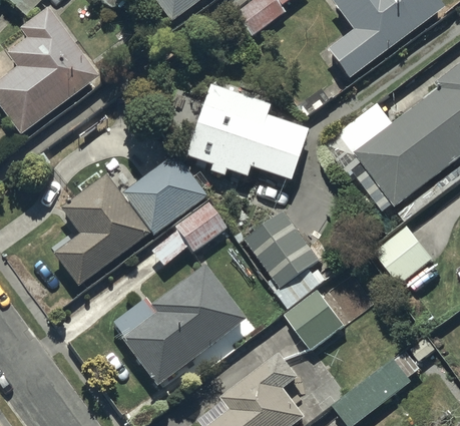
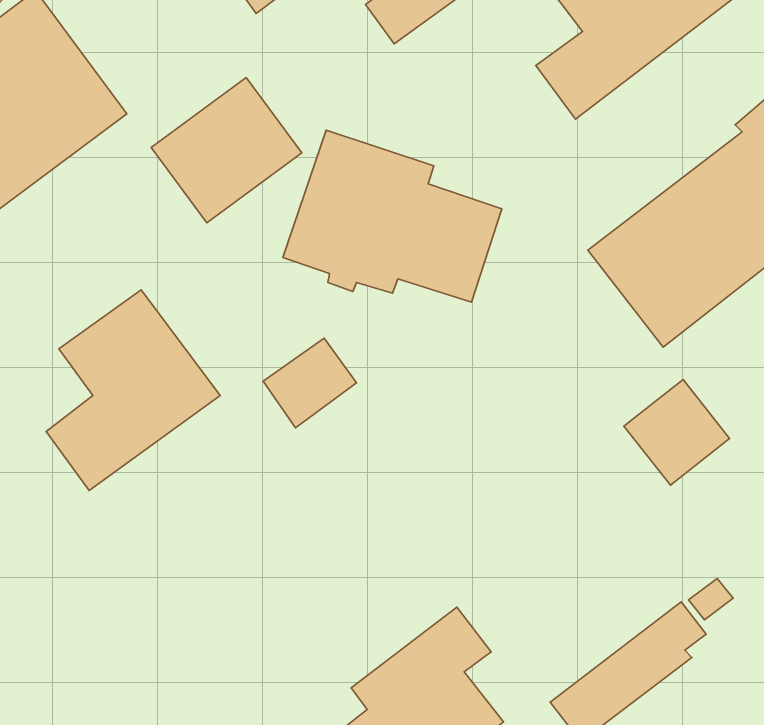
building: [122,152,206,234] -> [151,78,302,223]
building: [247,208,330,306] -> none
building: [113,264,246,385] -> none
building: [287,288,347,348] -> none

